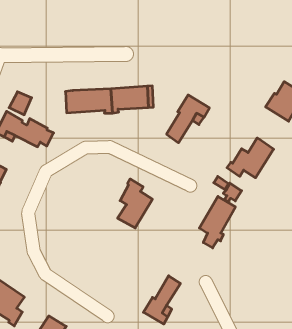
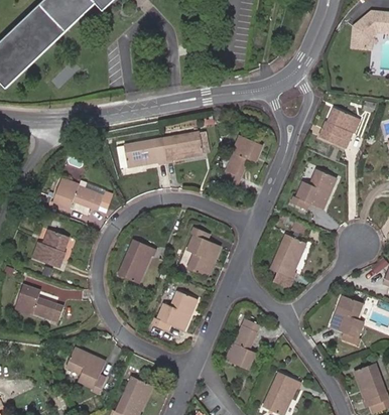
building: none -> [119,240,157,283]
building: none -> [153,291,198,331]
building: none -> [330,296,362,345]

